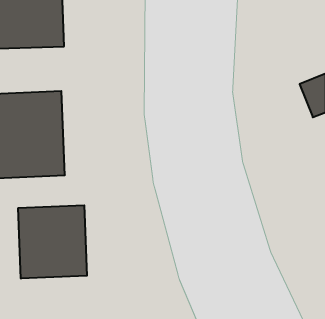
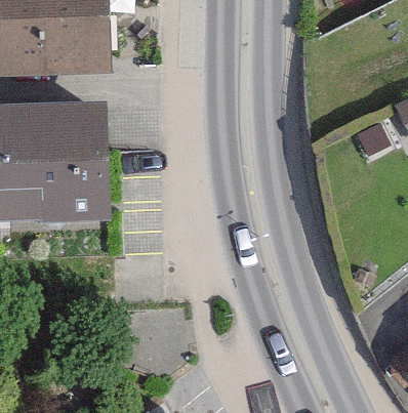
building: [18,205,87,279] -> none

